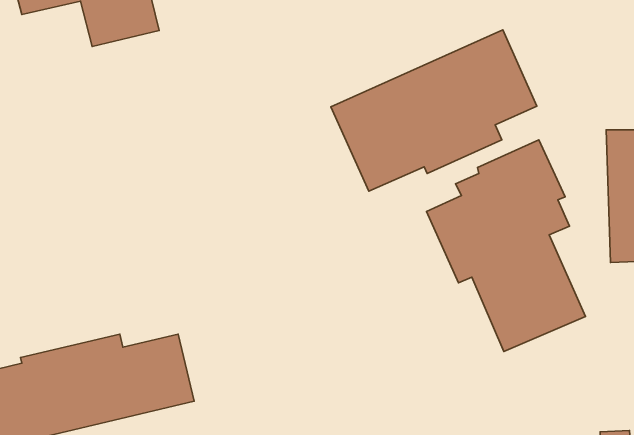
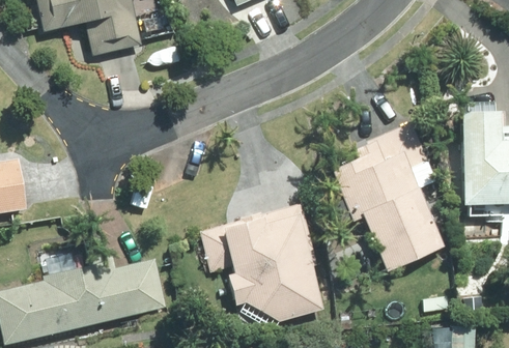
building: [331,30,537,191] -> none
building: none -> [200,204,324,323]

